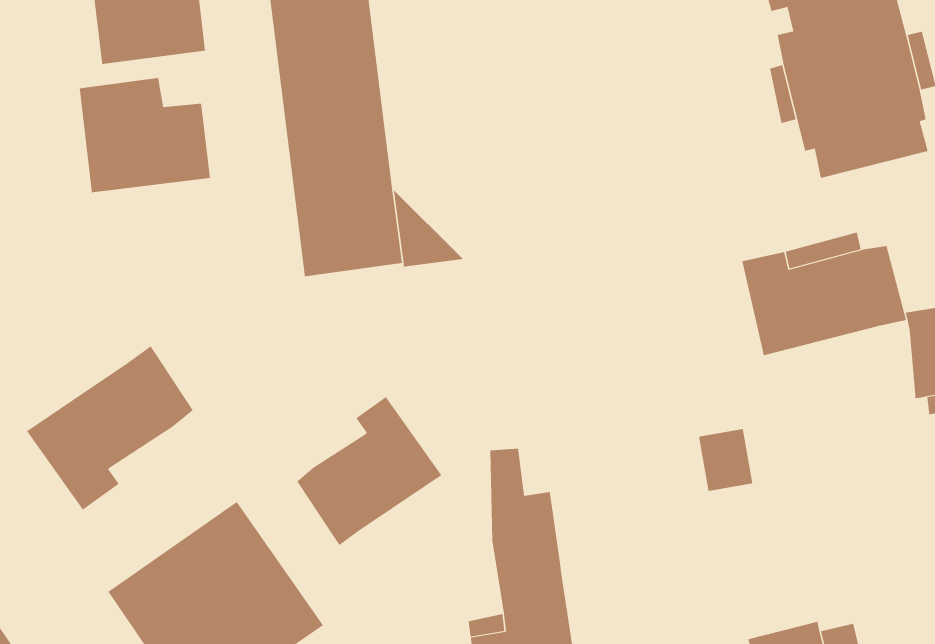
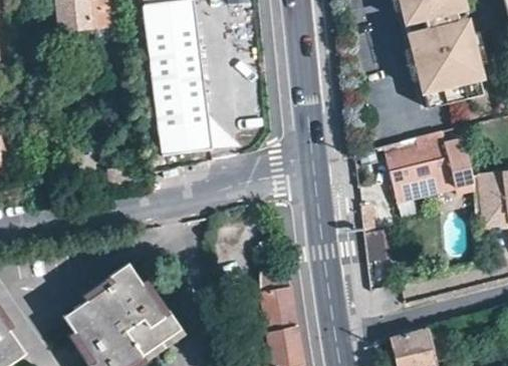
building: [79,77,210,193] -> none
building: [26,345,194,510] -> none
building: [296,396,442,546] -> none

